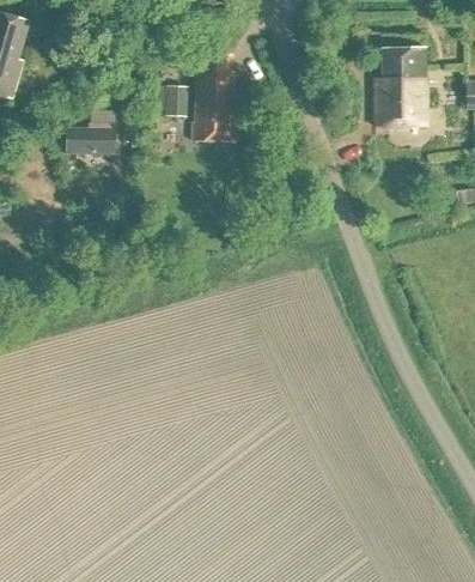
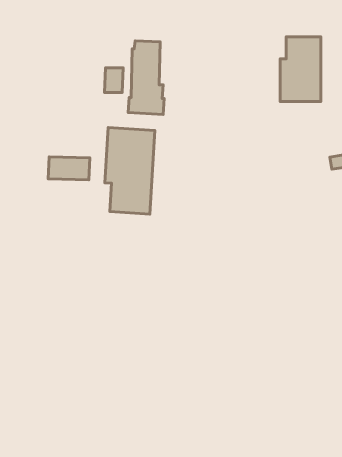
building: [66,126,116,153] -> [48,157,90,180]
building: none -> [105,128,155,214]

